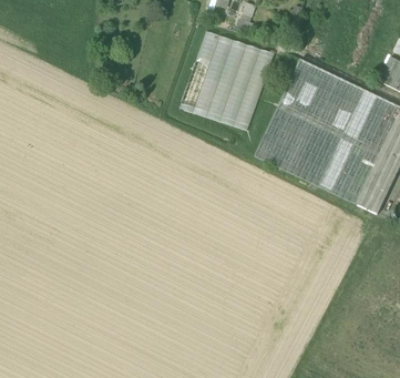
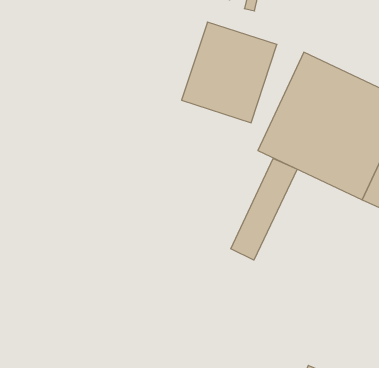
building: none -> [231,158,297,260]

